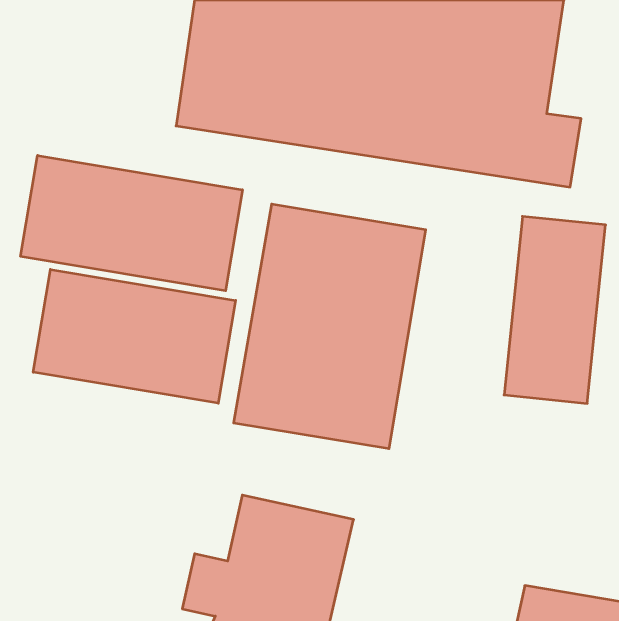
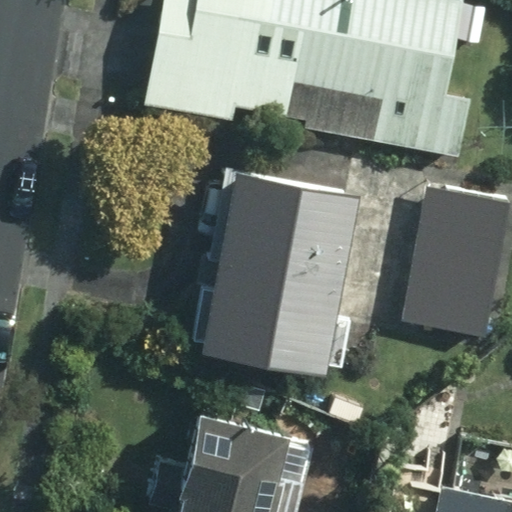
building: [21,155,242,291] -> none
building: [33,269,236,403] -> none

